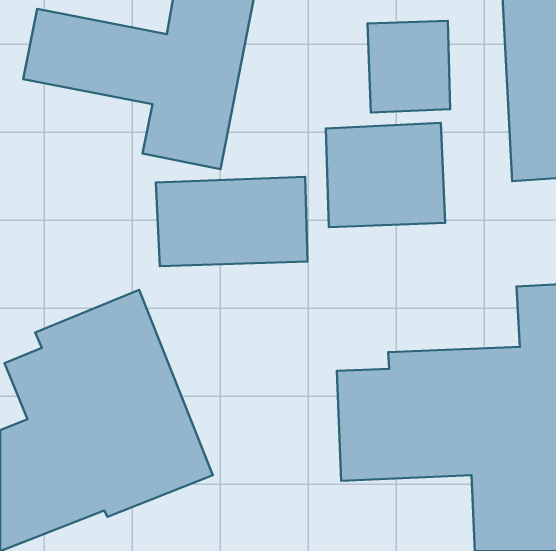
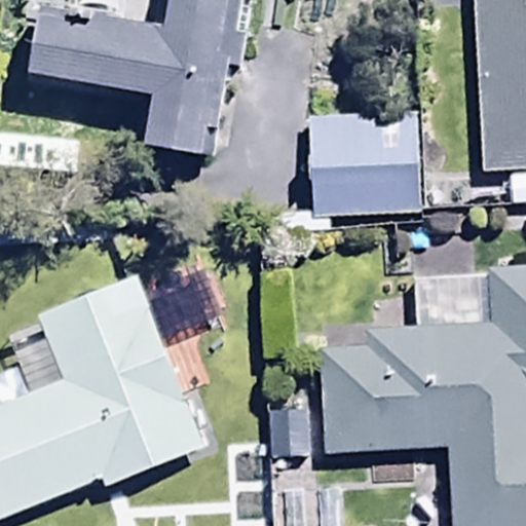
building: [367,21,450,112] -> none
building: [156,177,308,266] -> none

